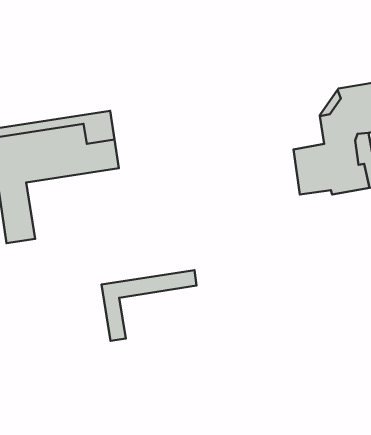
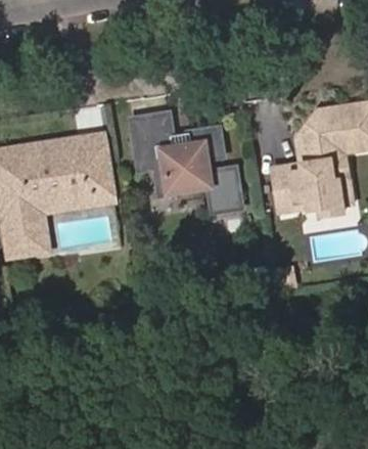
building: none -> [133,115,240,211]
building: [102,270,197,341] -> [26,186,113,252]

